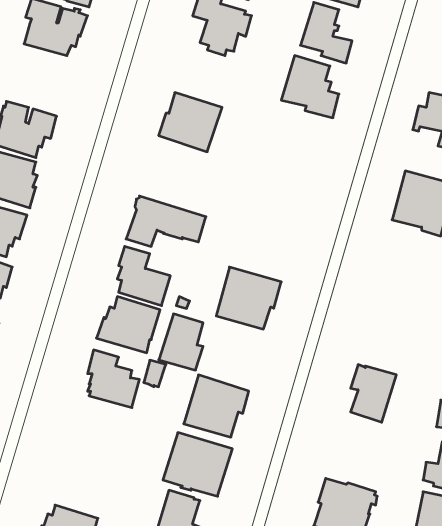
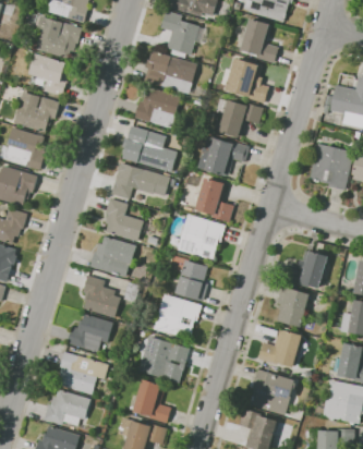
building: none -> [144,50,197,94]
building: none -> [28,52,70,96]
building: none -> [216,98,263,137]
building: none -> [122,125,178,172]
building: none -> [197,136,250,175]
building: none -> [196,177,234,220]
building: [159,314,203,370] -> [176,259,208,301]
building: none -> [282,250,328,288]
building: none -> [68,314,113,352]
building: none -> [258,329,303,367]
building: none -> [60,352,109,395]

